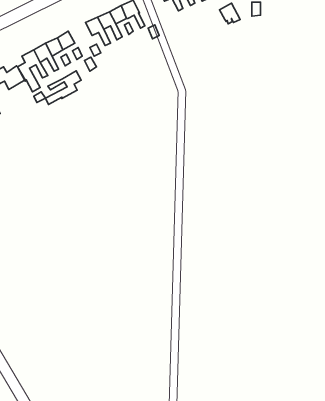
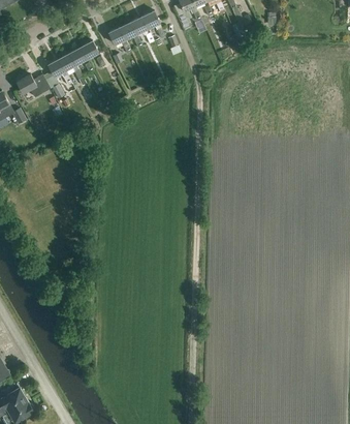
building: [46,71,81,104] -> none

